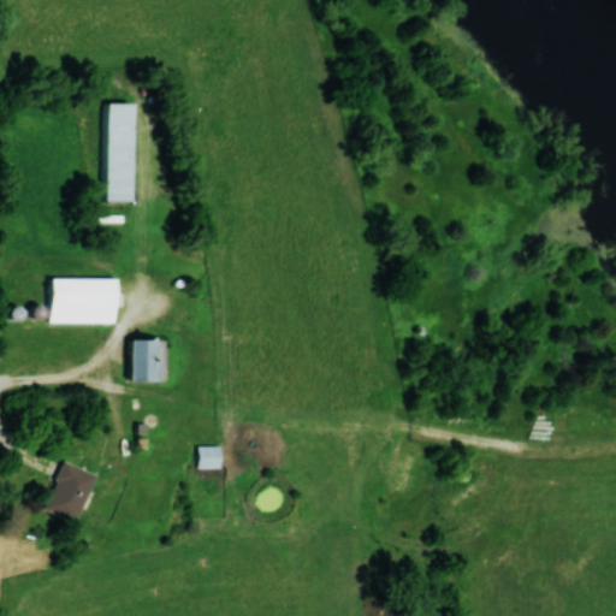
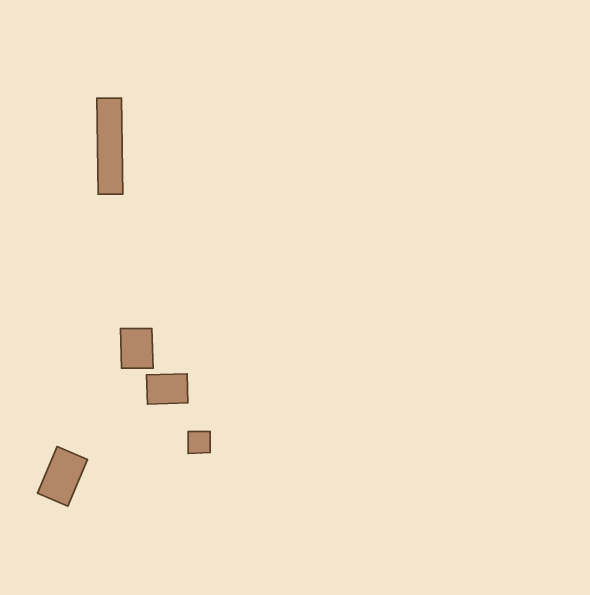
building: [53,279,118,324] -> none
building: none -> [147,374,188,404]

